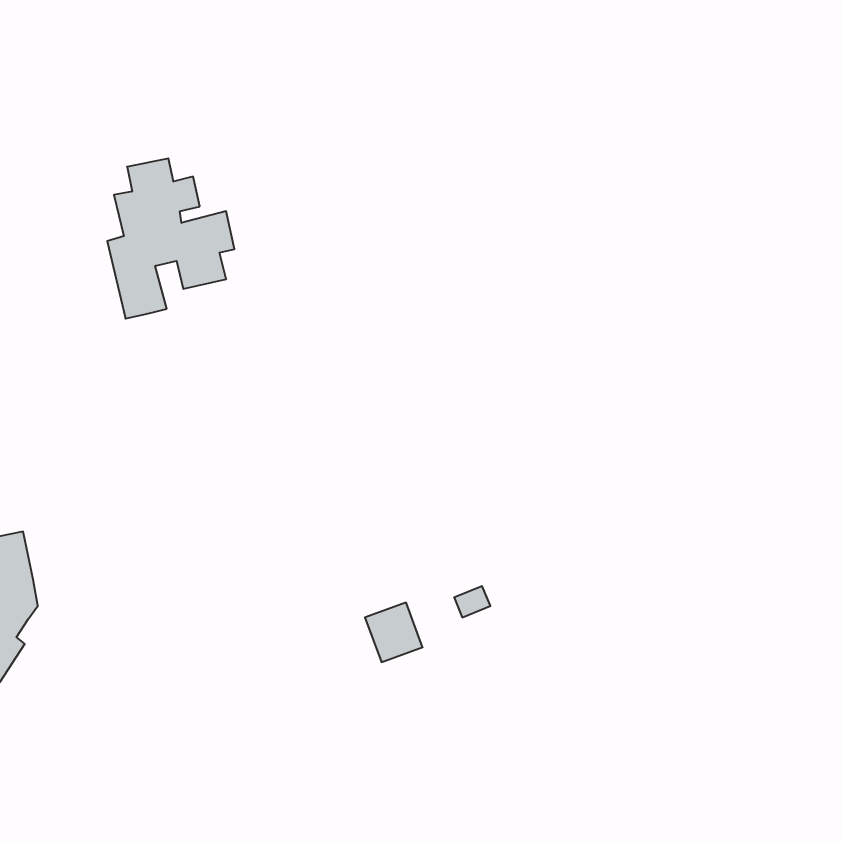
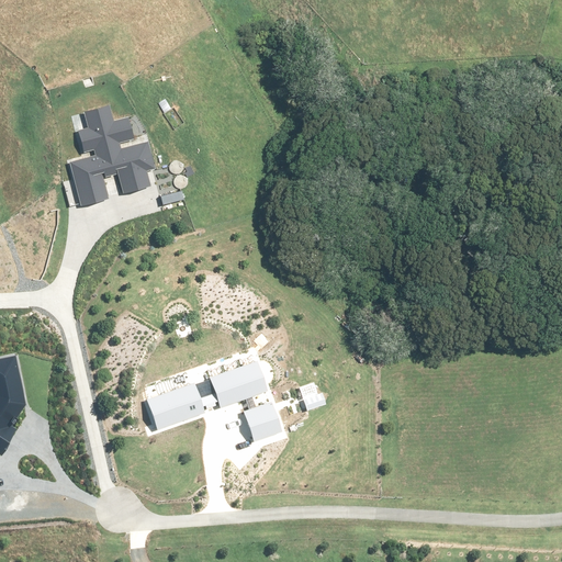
building: none -> [209,359,267,406]
building: none -> [145,383,203,429]

